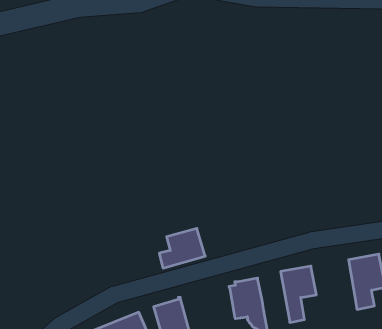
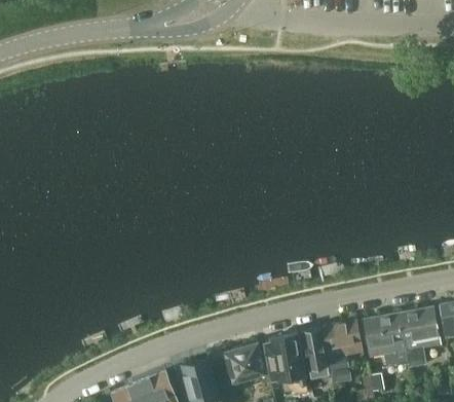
building: [159,228,205,268] -> [216,341,267,386]
building: none -> [364,313,407,365]
building: none -> [302,327,329,378]

